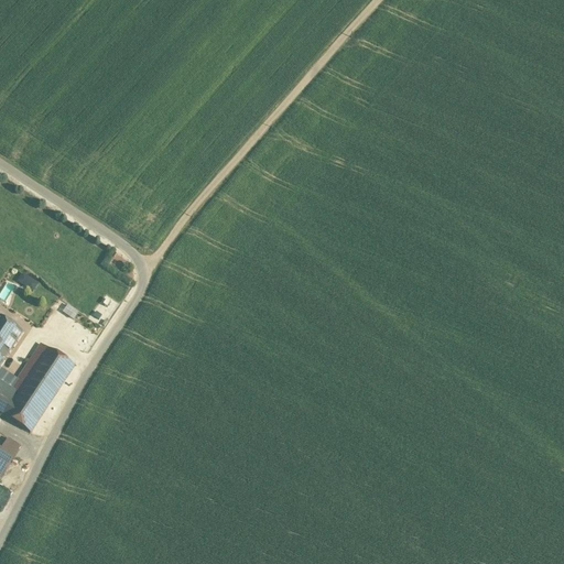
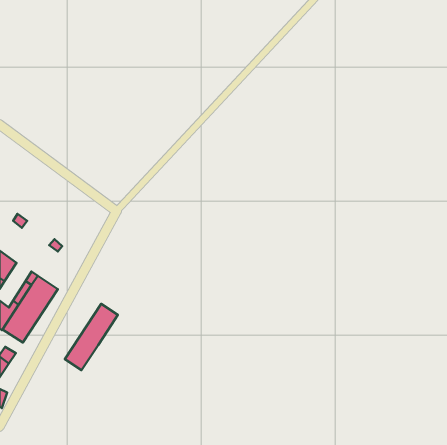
building: none -> [65,304,118,370]

